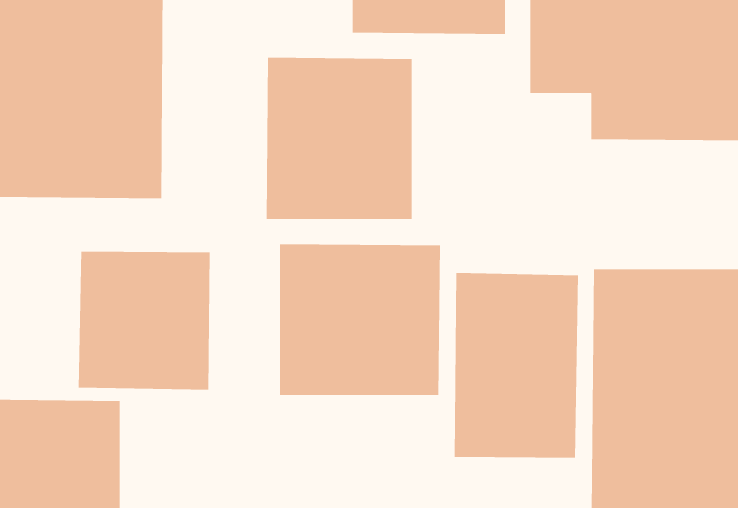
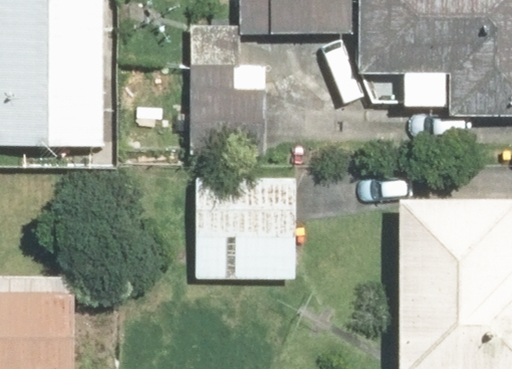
building: [78,251,210,391] -> none
building: [454,272,579,458] -> none

